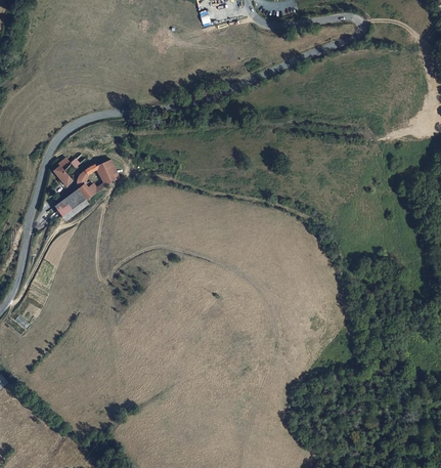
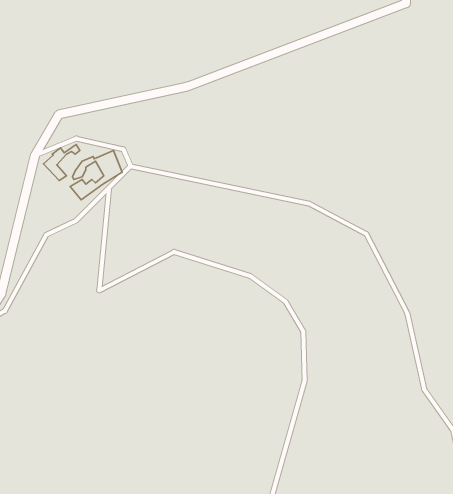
building: [52,189,85,219] -> none

